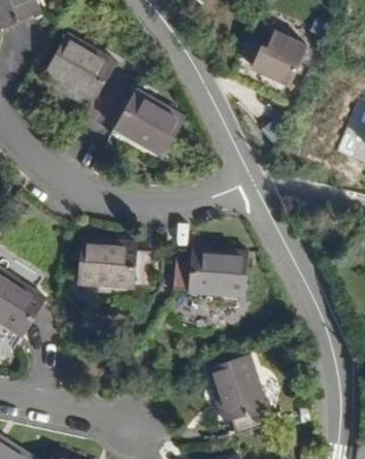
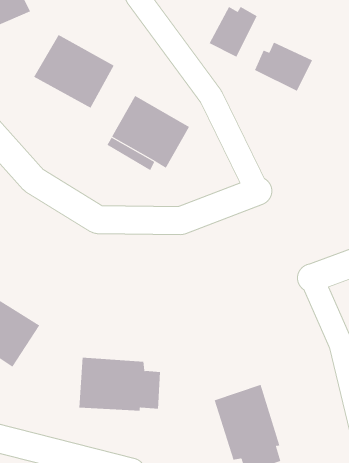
building: none -> [209,6,257,58]
building: [77,237,153,287] -> [79,357,161,411]
building: [174,247,250,297] -> none

